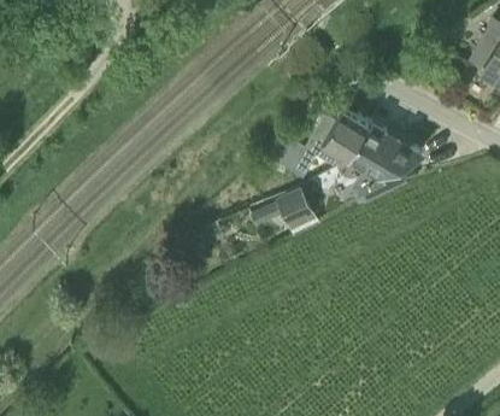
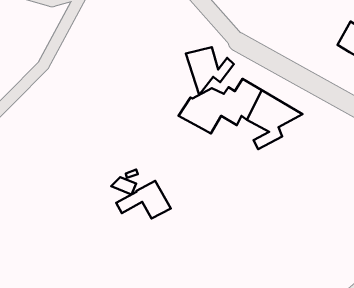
building: none -> [186,47,234,95]
building: [249,188,320,238] -> [116,181,171,219]

